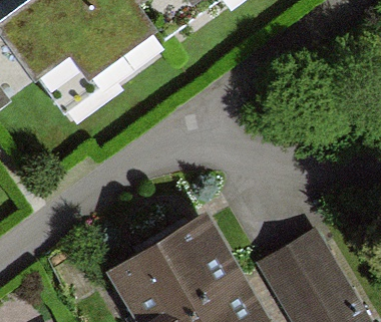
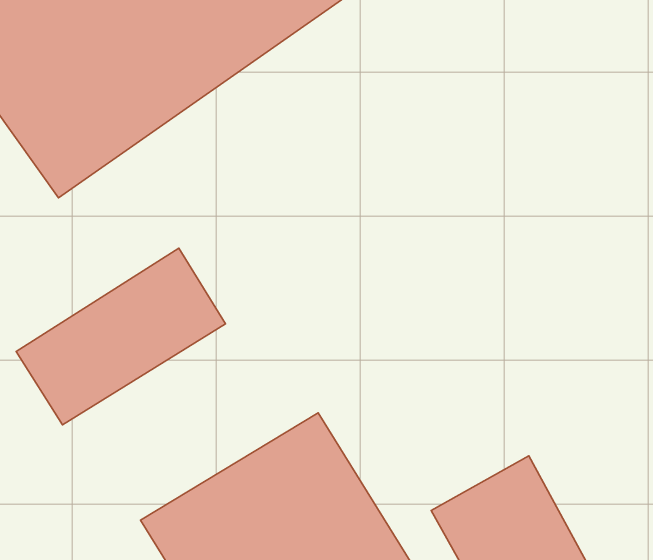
building: none -> [16,248,226,425]

